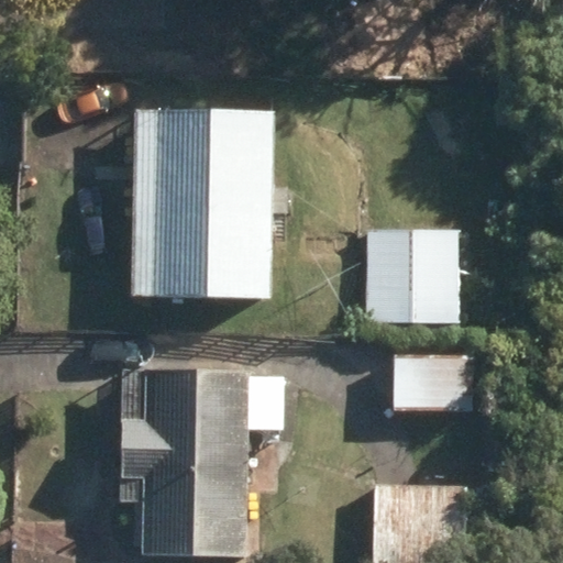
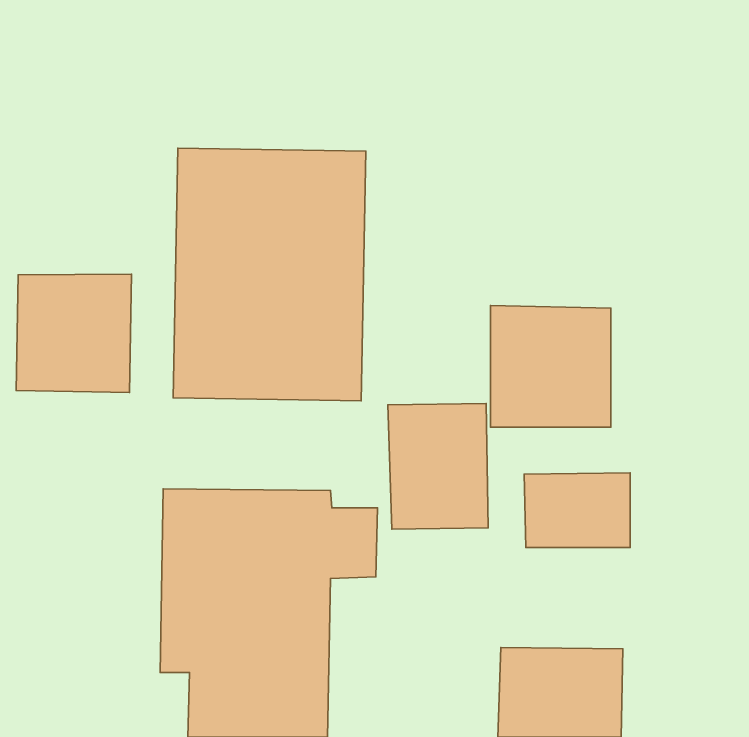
building: none -> [16,274,132,393]
building: none -> [388,404,488,529]

